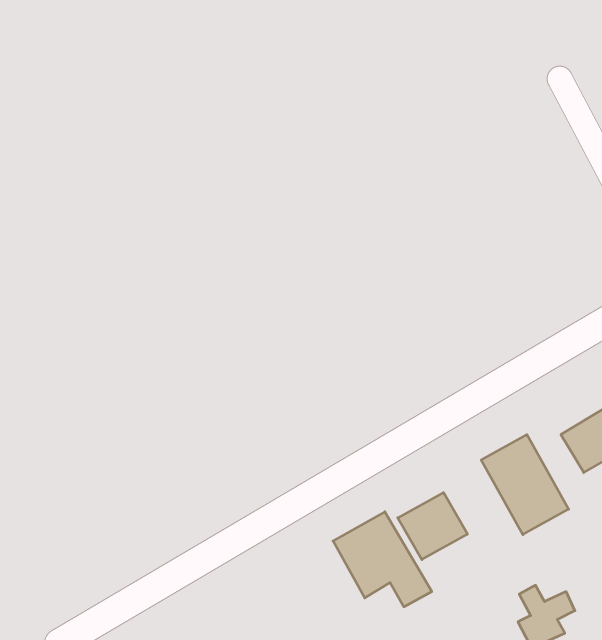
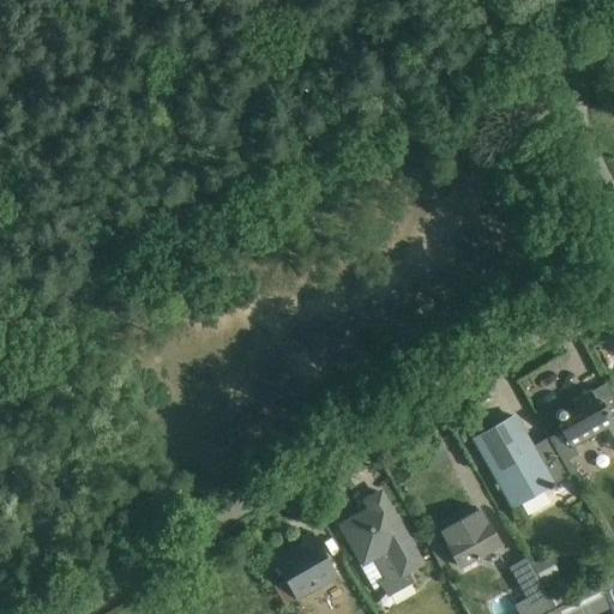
building: [398,493,467,560] -> [437,508,502,572]
building: none -> [273,537,338,602]

